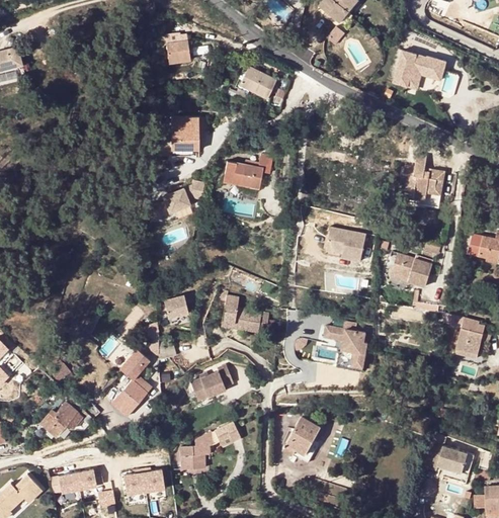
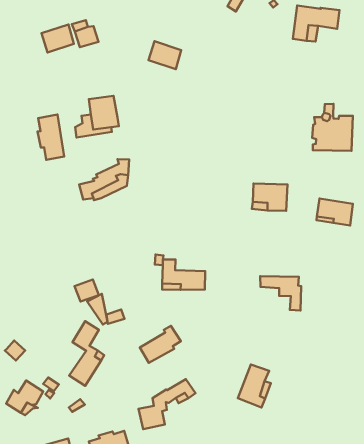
building: none -> [42,24,74,52]
building: none -> [37,115,64,160]
building: [223,156,272,188] -> none
building: [164,293,188,315] -> [74,280,99,302]

